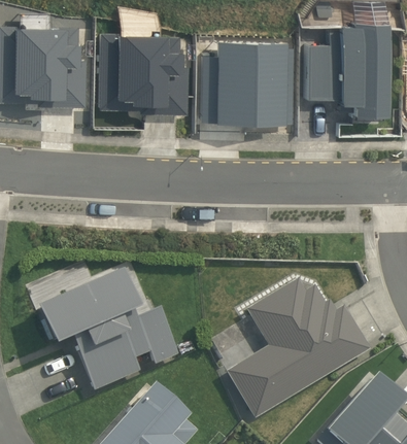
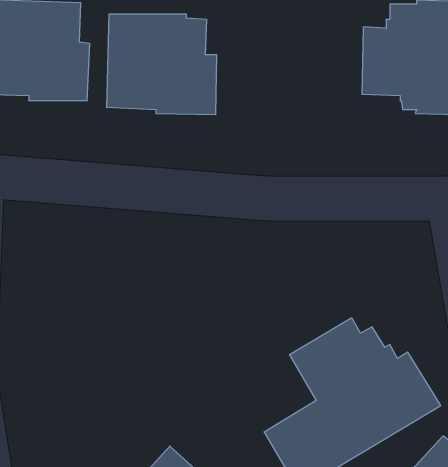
building: [214,34,285,117] -> none
building: [35,268,180,389] -> none

